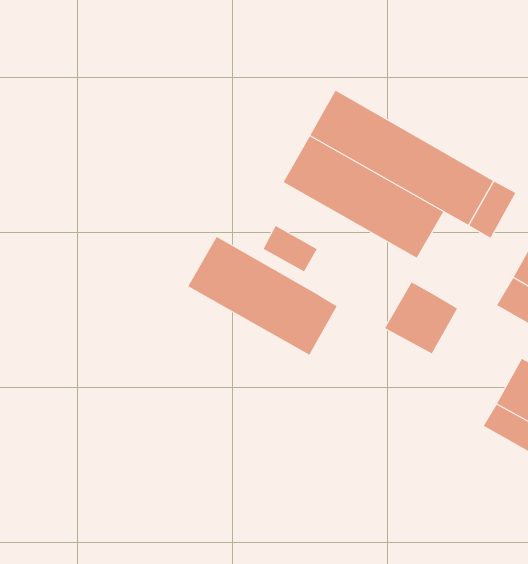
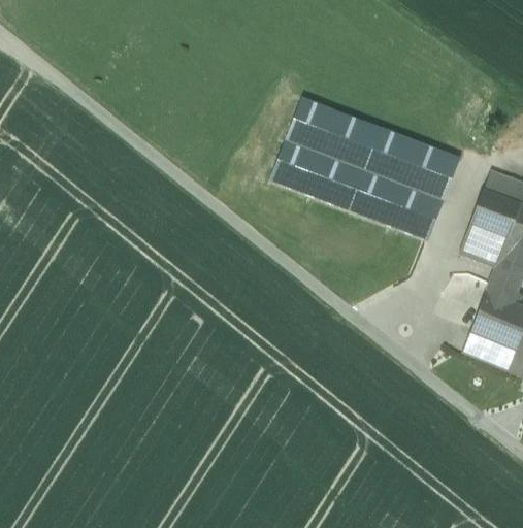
building: [263,225,318,272] -> none
building: [187,236,338,355] -> none
building: [384,282,458,354] -> [389,183,447,239]

